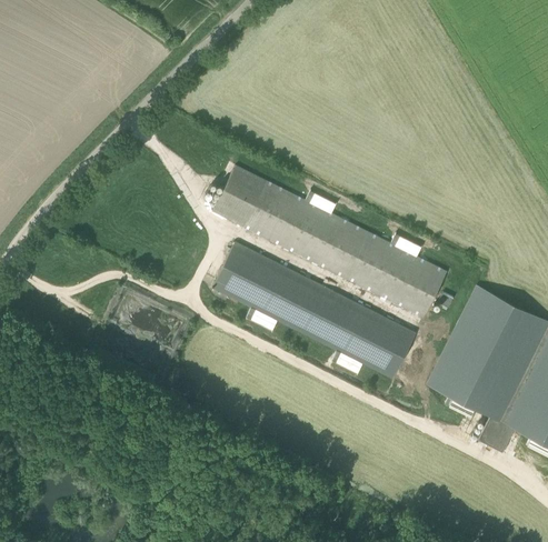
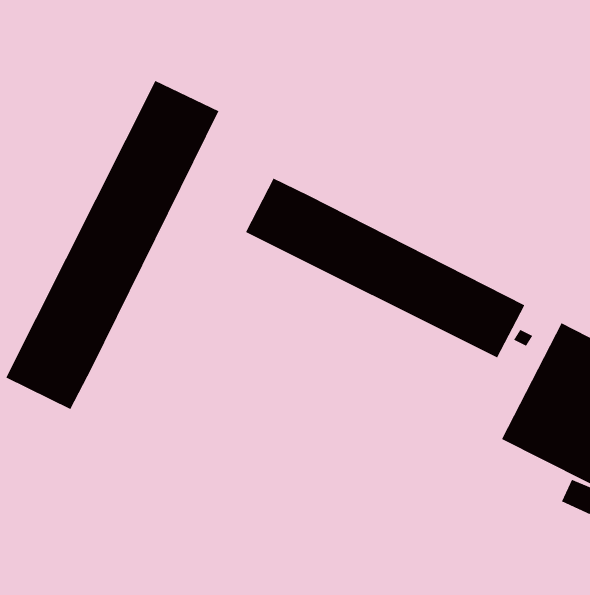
building: none -> [6,80,219,410]
building: [211,242,416,379] -> none

